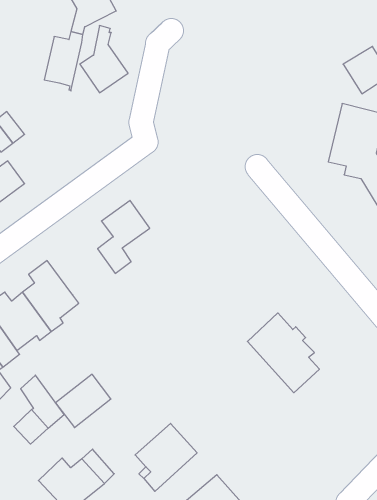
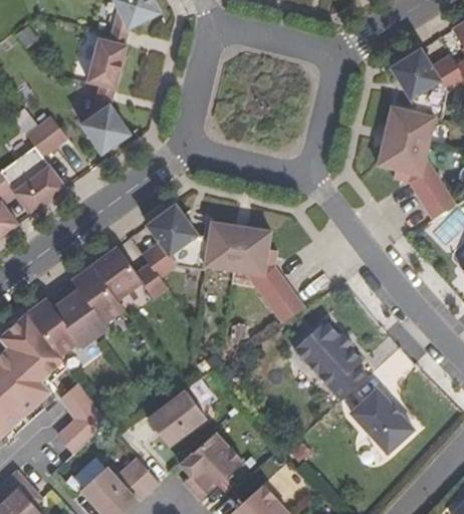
building: [80,26,128,93] -> [82,85,132,154]
building: none -> [206,221,301,317]
building: none -> [90,247,160,301]
building: [56,374,111,428] -> [150,393,206,447]
building: none -> [351,388,415,453]

